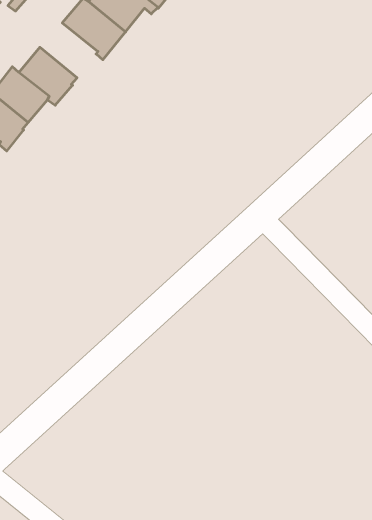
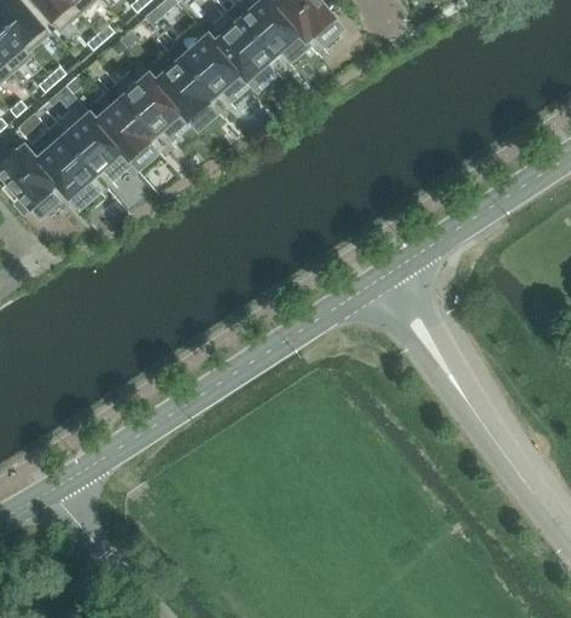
building: none -> [181,34,241,95]

